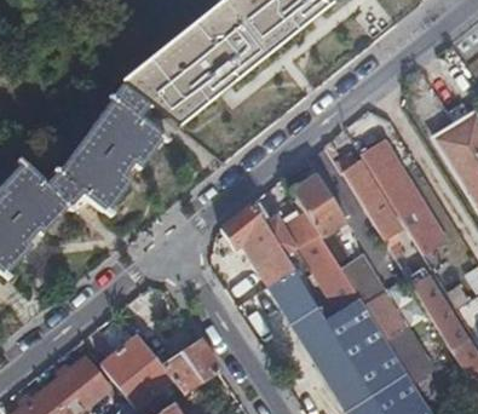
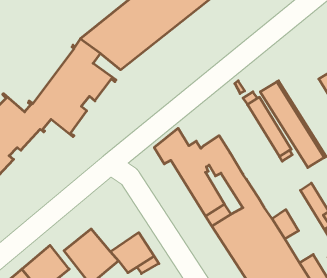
building: [289,172,345,235] -> none
building: [336,257,393,322] -> none

